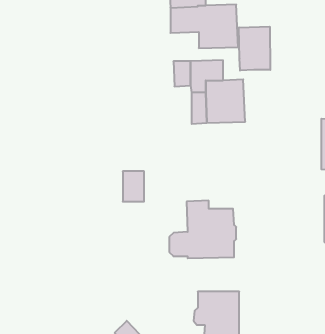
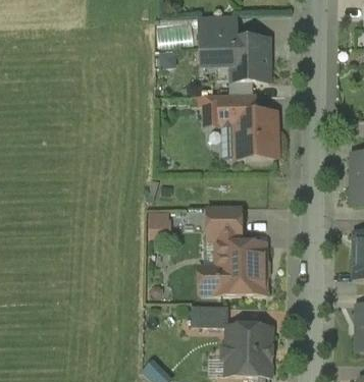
building: [239,27,270,71] -> none
building: none -> [208,205,241,236]
building: none -> [192,305,228,327]

